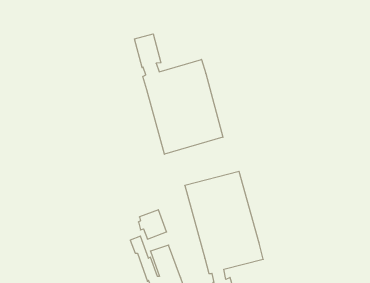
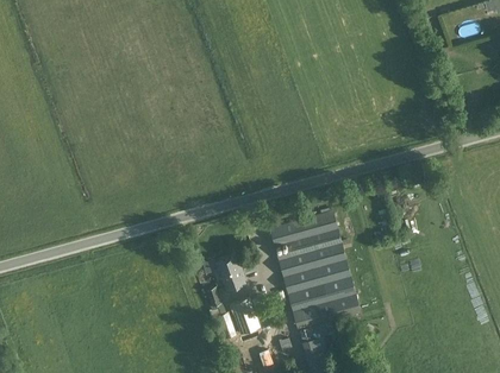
building: [134,34,223,154] -> none

